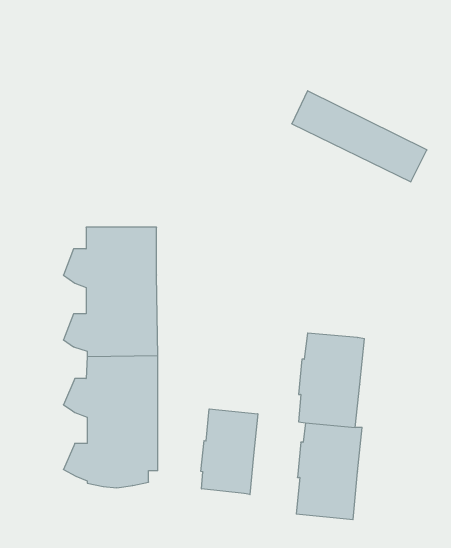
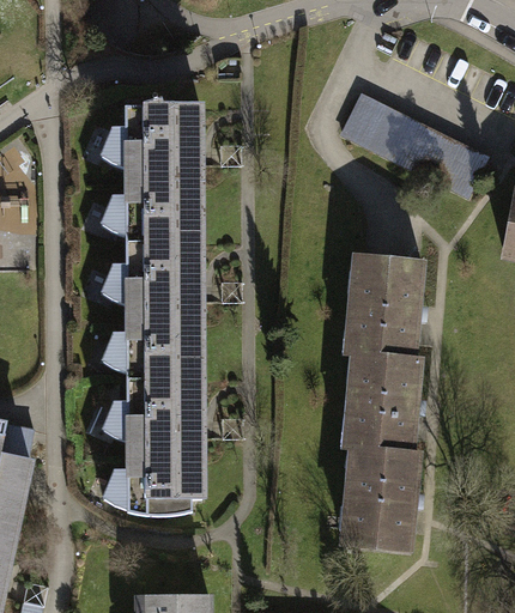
building: none -> [101,99,201,242]
building: none -> [352,256,422,358]
building: [201,409,258,495] -> none

